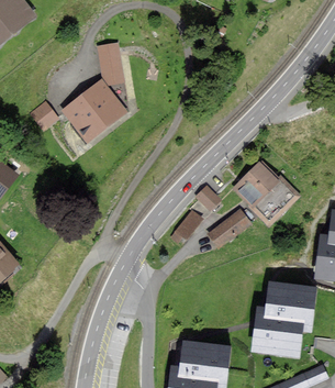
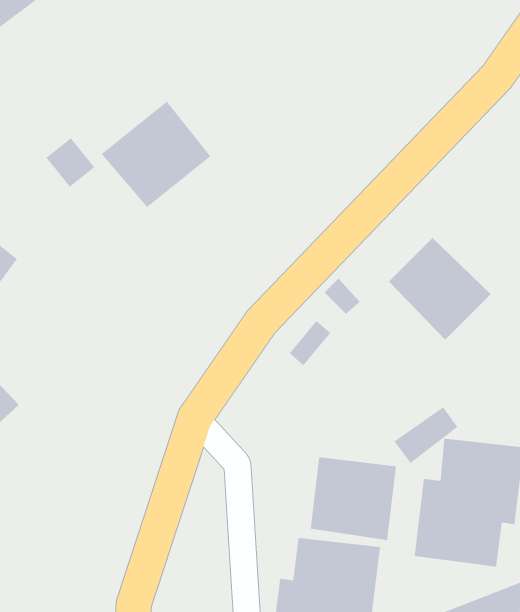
building: [98,45,126,87] -> none
building: [210,211,248,245] -> [394,407,458,464]
building: none -> [310,457,397,541]

